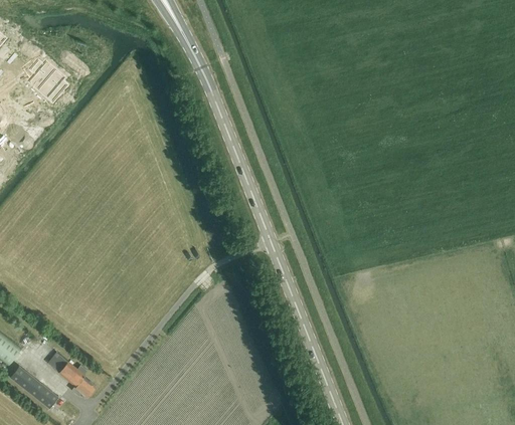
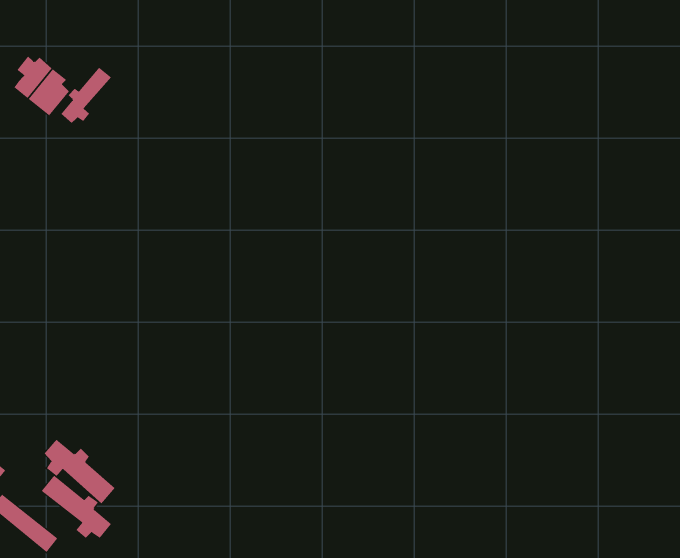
building: none -> [61,67,112,124]
building: none -> [44,439,116,504]

